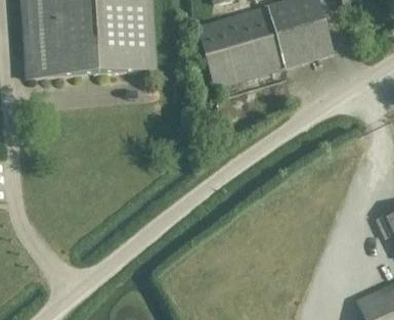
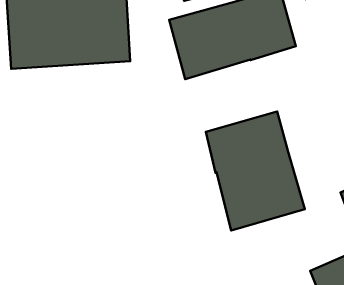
building: none -> [206,112,305,231]

